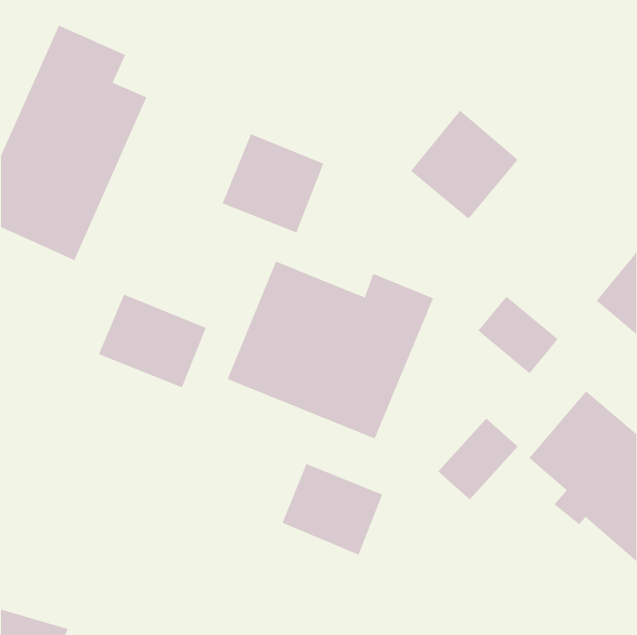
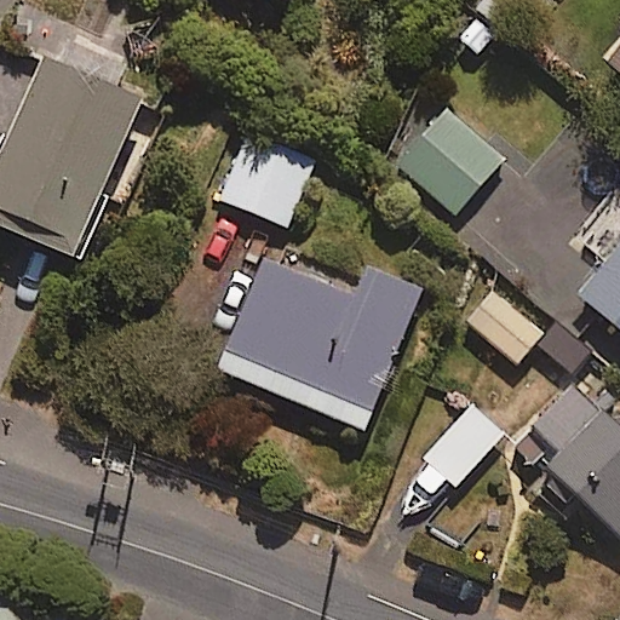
building: [98,294,207,388] -> none
building: [282,463,383,555] -> none

